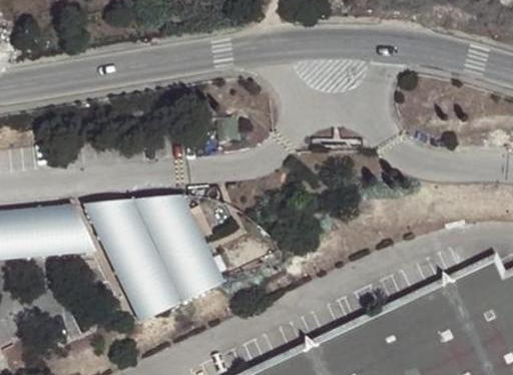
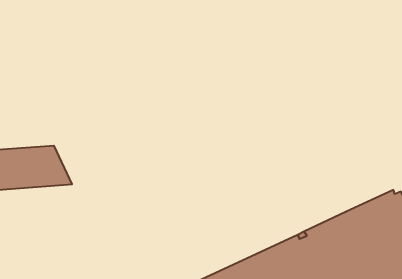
building: [83,197,224,323] -> none

